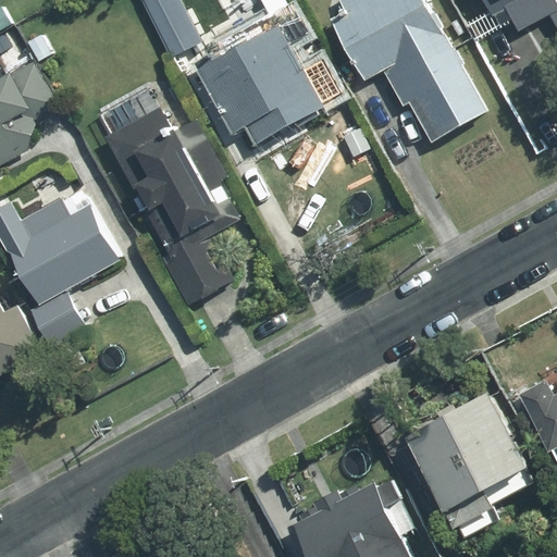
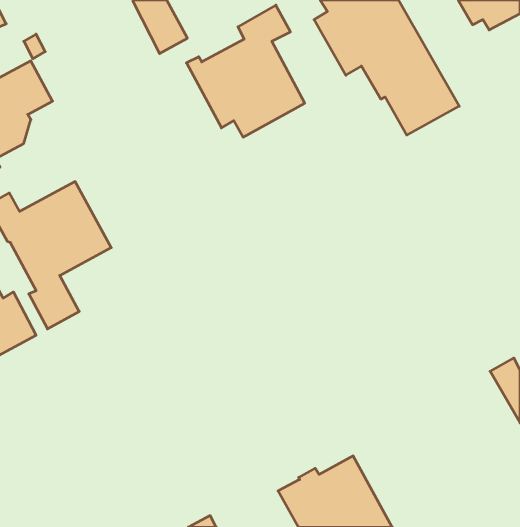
building: [104,110,238,305] -> none
building: [411,387,529,520] -> none

